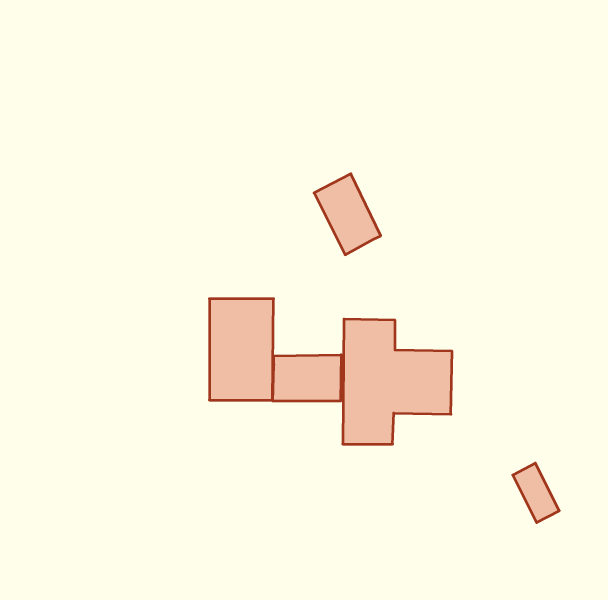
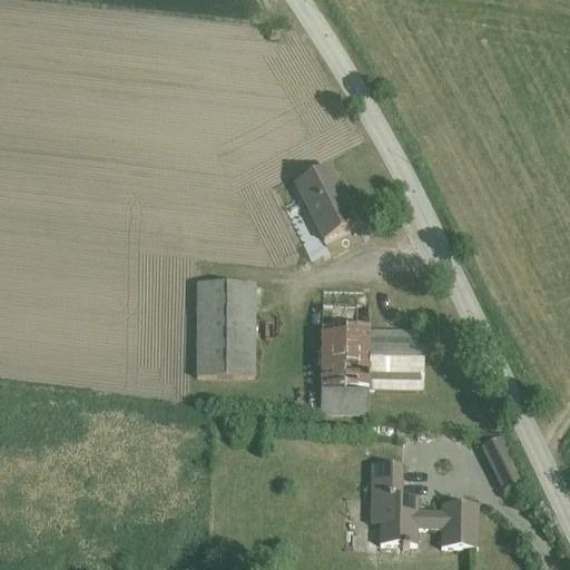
building: [273,355,341,401] -> none
building: none -> [370,461,479,546]

